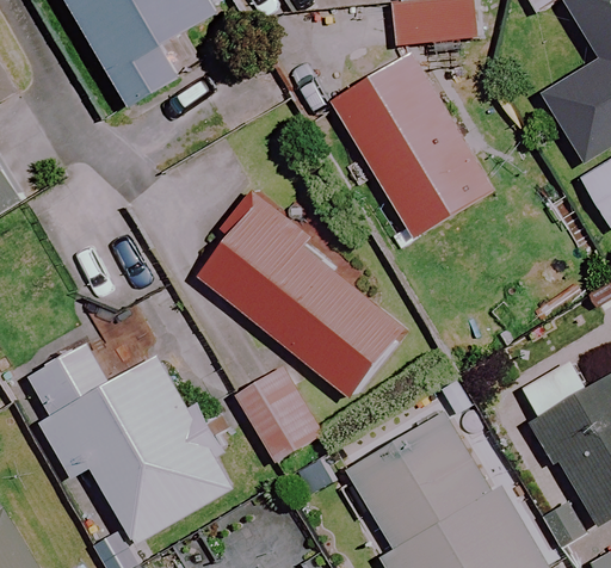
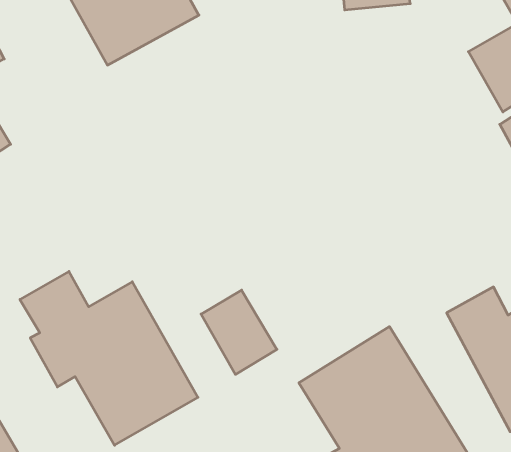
building: [331,51,495,237] -> none
building: [196,197,407,399] -> none

